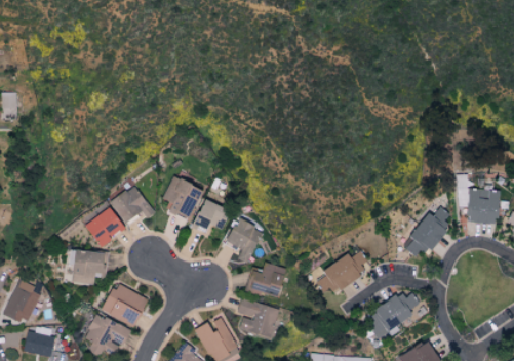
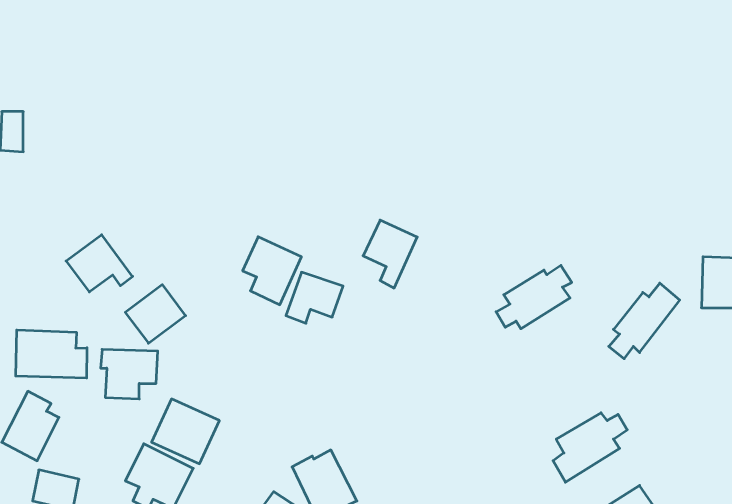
building: [111,185,155,223] -> [66,235,133,292]
building: [227,218,263,264] -> [363,220,417,288]
building: none -> [16,330,87,378]
building: [317,250,367,292] -> [496,265,572,329]
building: [247,262,286,296] -> none
building: [237,298,279,338] -> none

